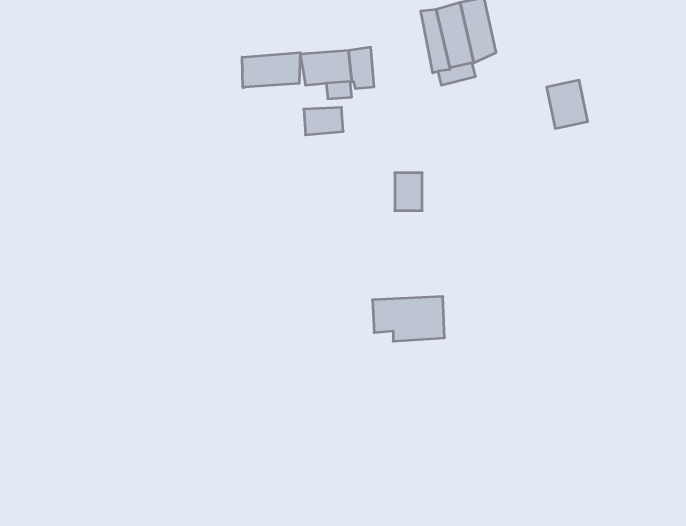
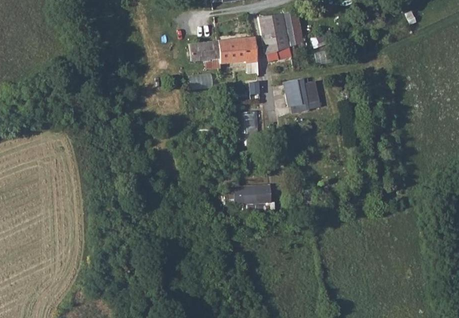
building: none -> [229,37,256,62]
building: [242,53,300,88] -> none
building: [547,80,588,128] -> [283,79,307,107]

